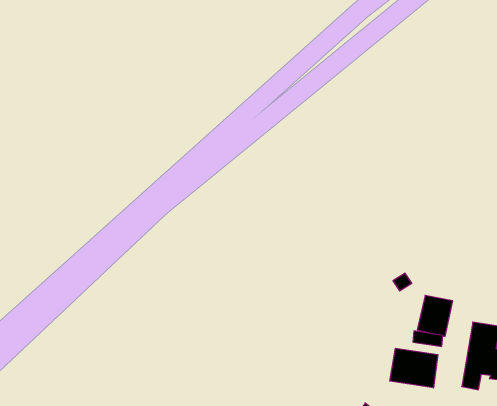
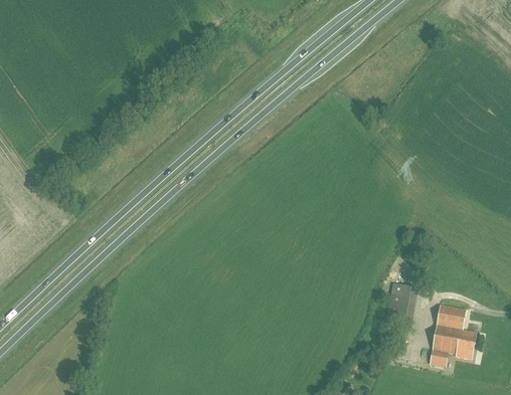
building: [390,348,438,388] -> none

